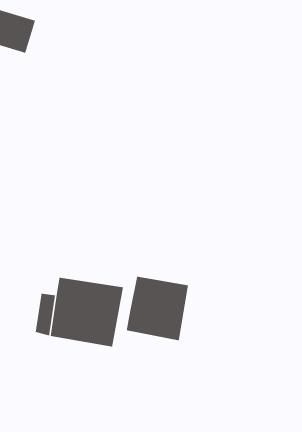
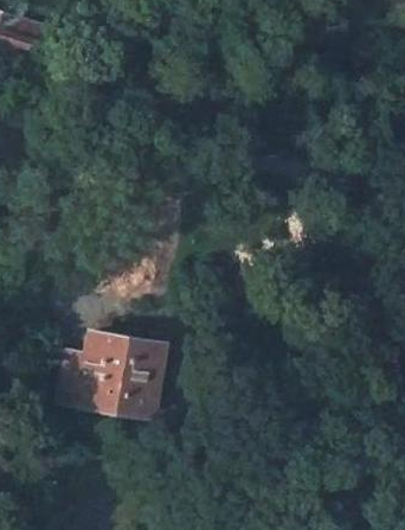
building: [126,276,189,341] -> none

